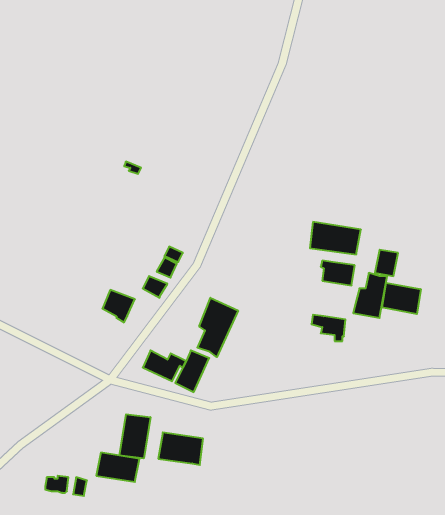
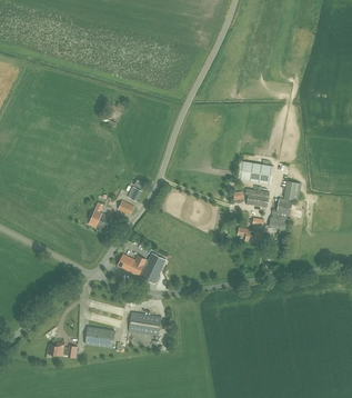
building: [382,283,421,314] -> none
building: [197,298,238,357] -> none
building: [119,414,150,458] -> none

